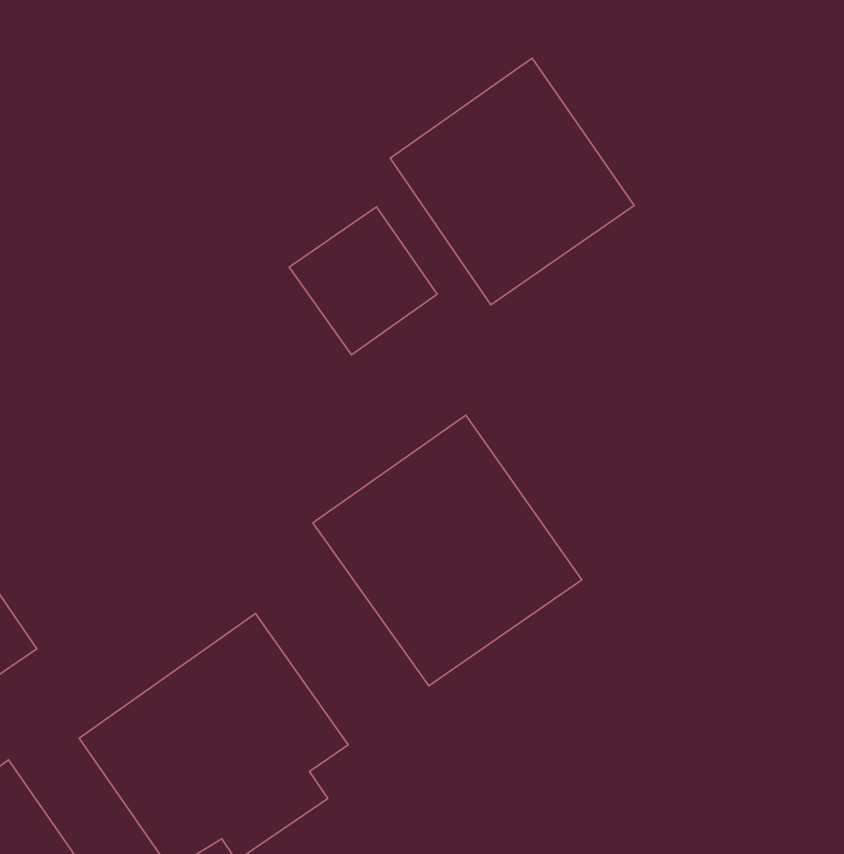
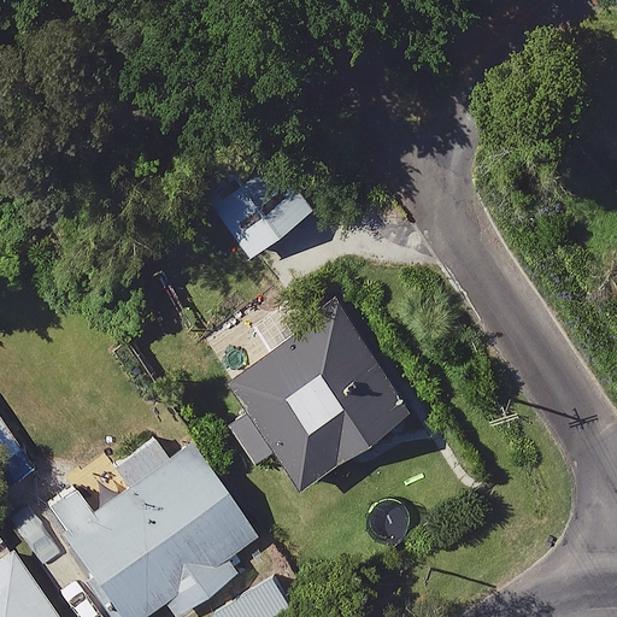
building: [390,58,634,305] -> none

